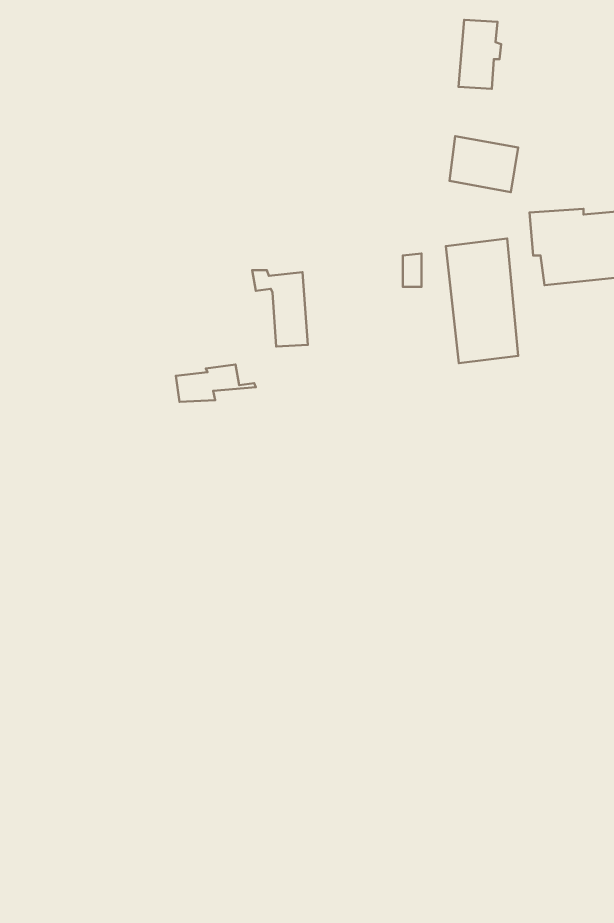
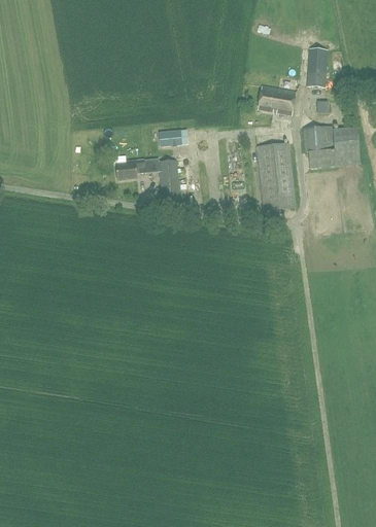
building: [458,20,501,89] -> [306,47,330,85]
building: none -> [160,130,187,147]
building: [176,365,256,402] -> [115,159,160,179]

